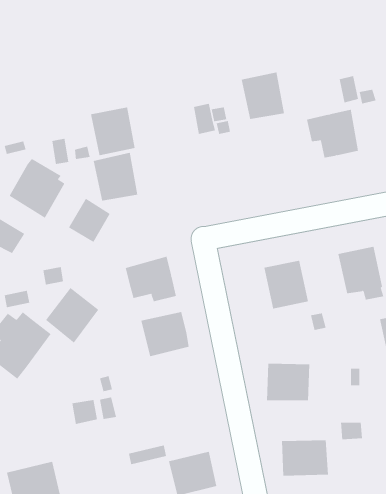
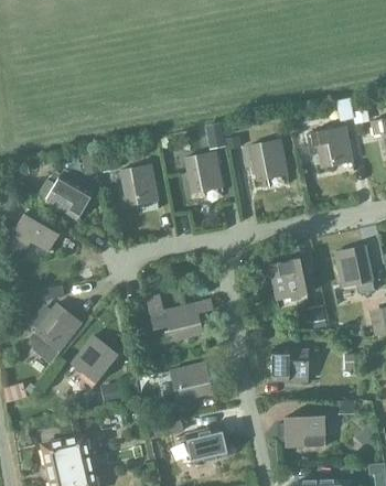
building: [241,72,285,120] -> [249,138,288,180]
building: [90,107,135,156] -> [184,150,224,193]
building: [68,198,111,243] -> none
building: [125,256,177,302] -> none
building: [45,287,99,344] -> [72,334,119,384]
building: none -> [170,360,214,401]

